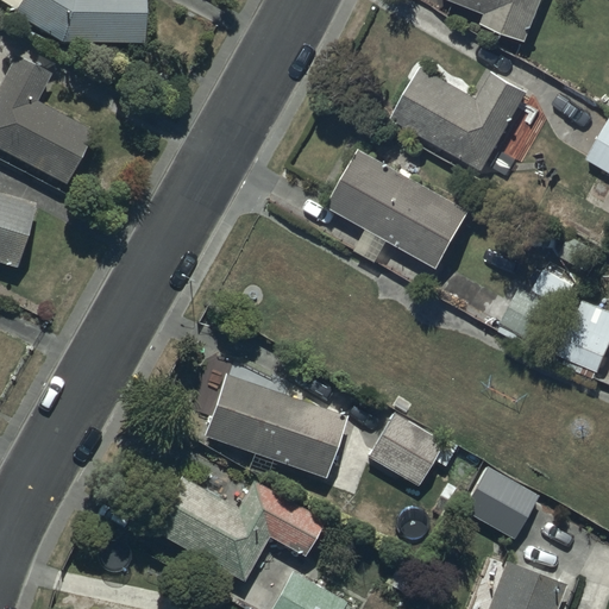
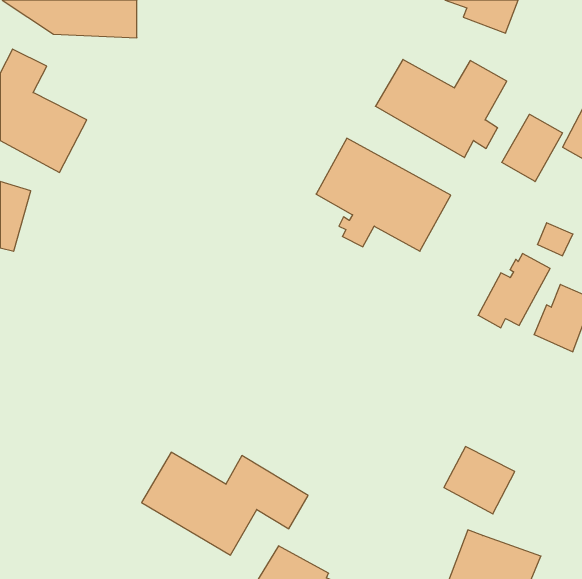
building: none -> [502,114,562,182]
building: [205,376,346,479] -> none
building: [368,414,457,485] -> none

